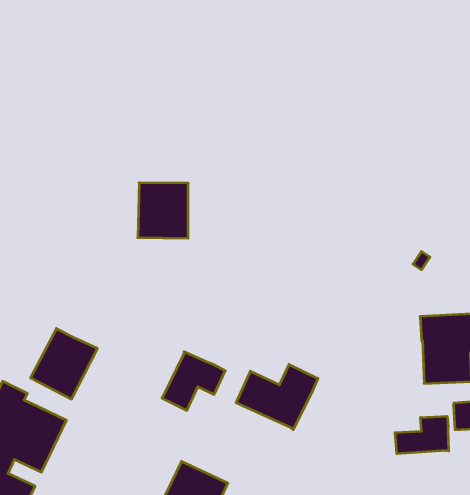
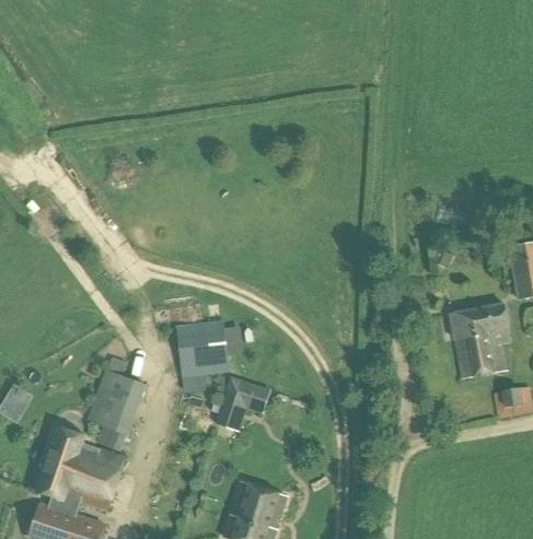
building: [138,183,188,238] -> [176,319,230,377]
building: [236,364,318,430] -> none
building: [395,416,449,454] -> none

